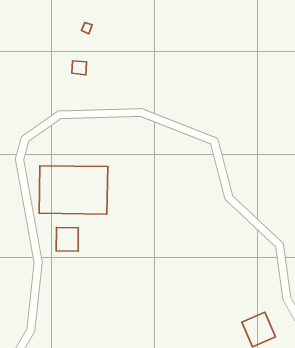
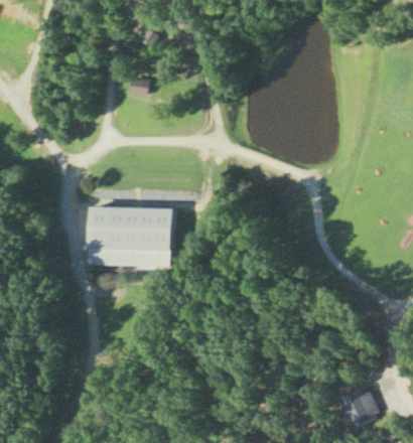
building: [56,228,78,251] -> none

